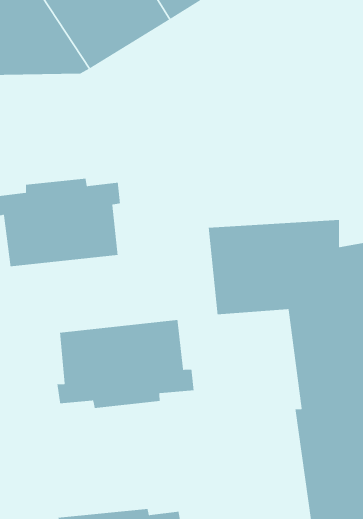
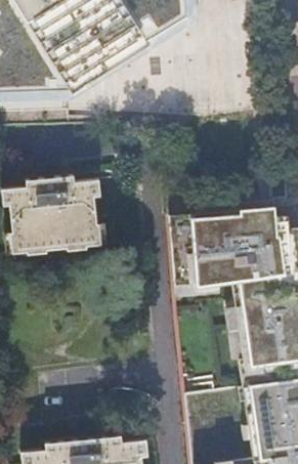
building: [56,319,194,409] -> none

